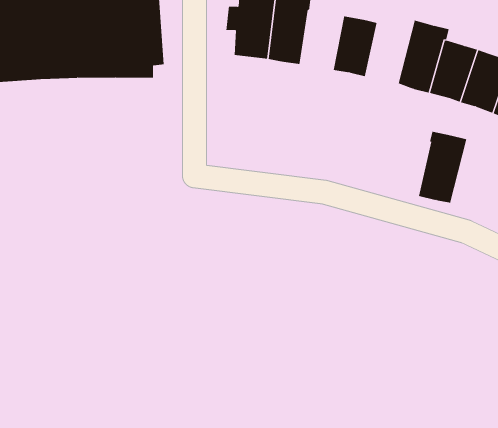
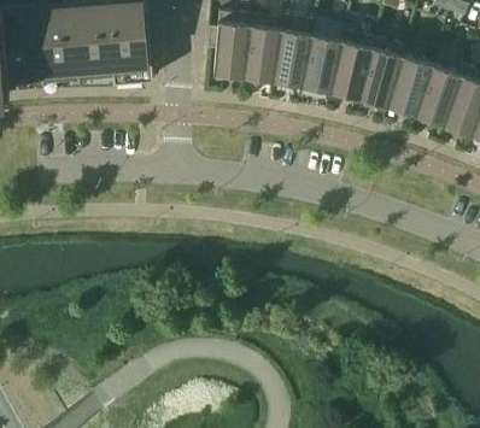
building: none -> [271,31,310,84]
building: [418,131,467,203] -> [329,33,373,96]

